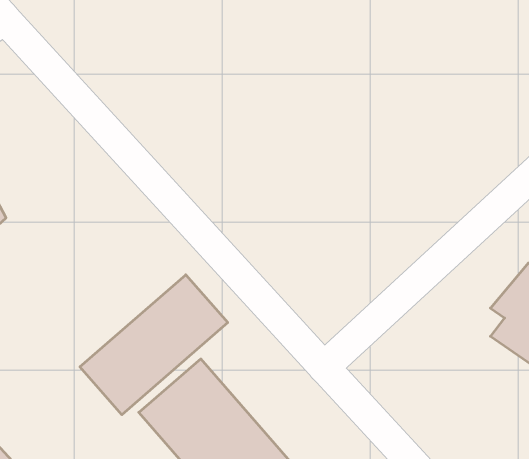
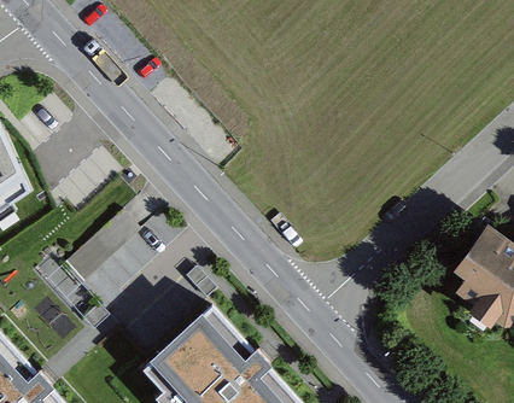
building: [80,275,228,415] -> none

